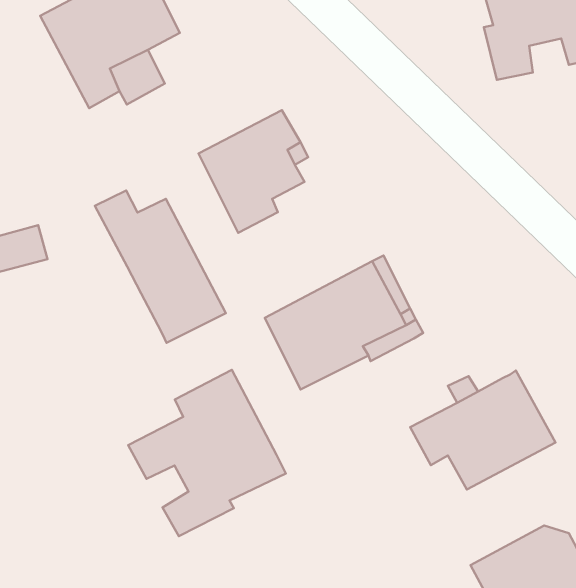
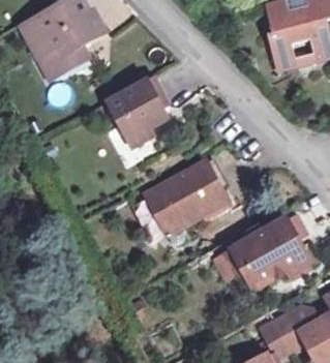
building: [95,190,226,343] -> none
building: [128,370,286,536] -> none

